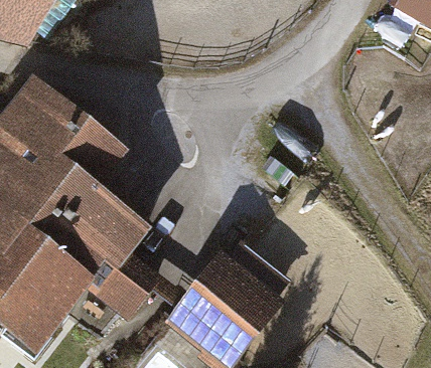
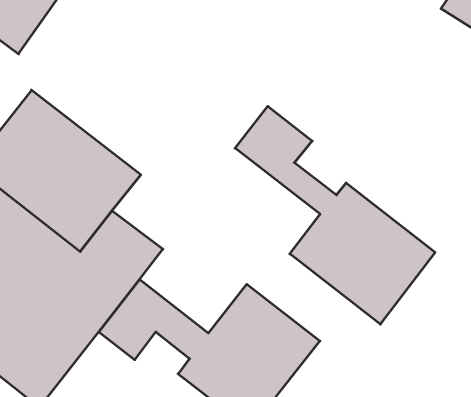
building: none -> [235,106,435,324]

